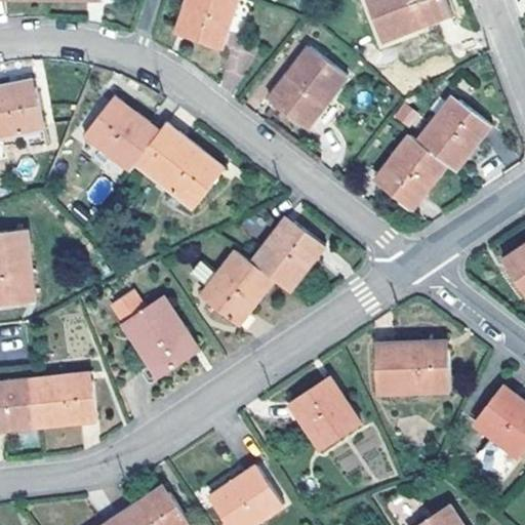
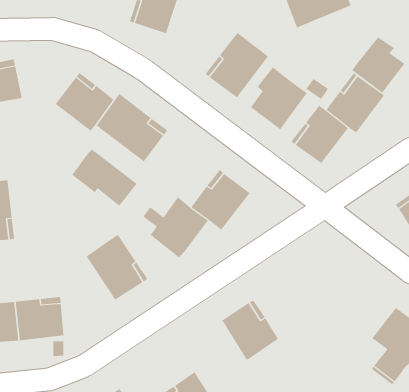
building: none -> [352,36,405,94]
building: none -> [250,67,308,130]
building: none -> [72,149,138,206]
building: [374,341,448,393] -> none

